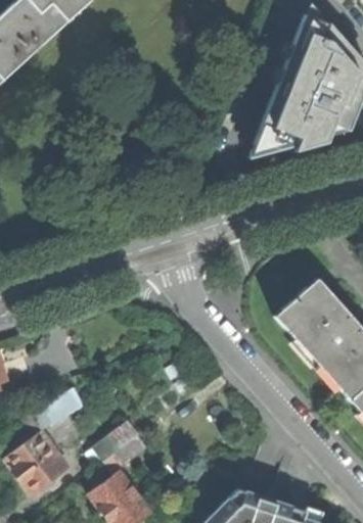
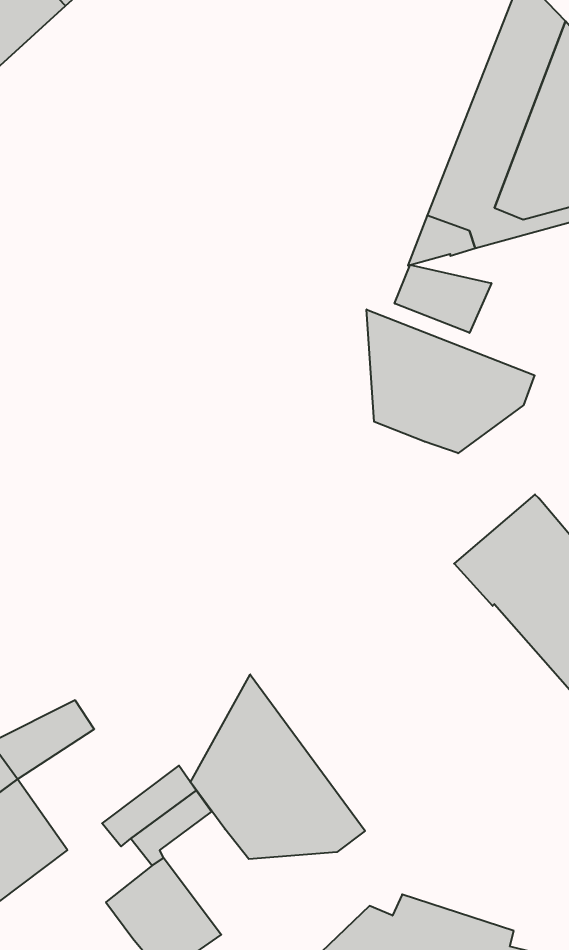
building: none -> [395,265,491,333]
building: none -> [367,309,535,453]
building: none -> [190,674,365,859]

